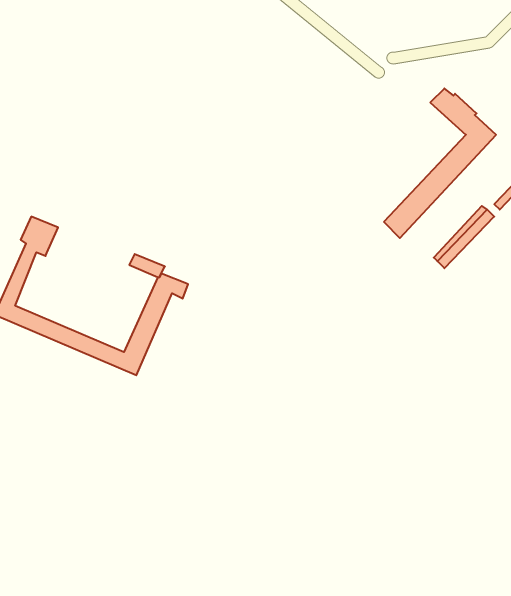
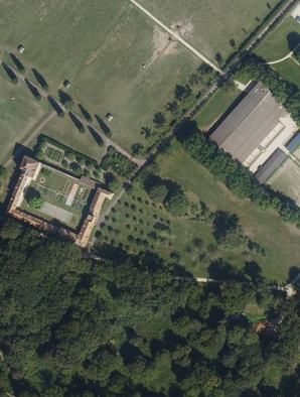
building: none -> [205,90,271,157]

